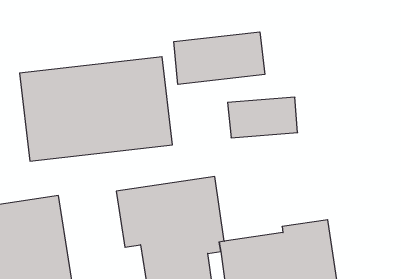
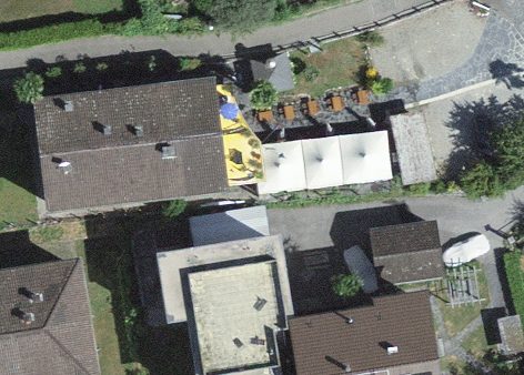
building: [174,32,265,84] -> none
building: none -> [369,222,444,285]

